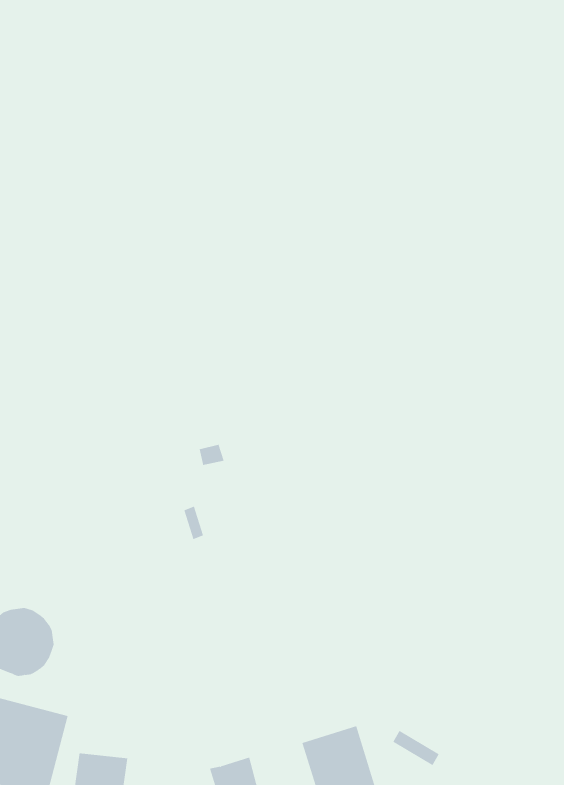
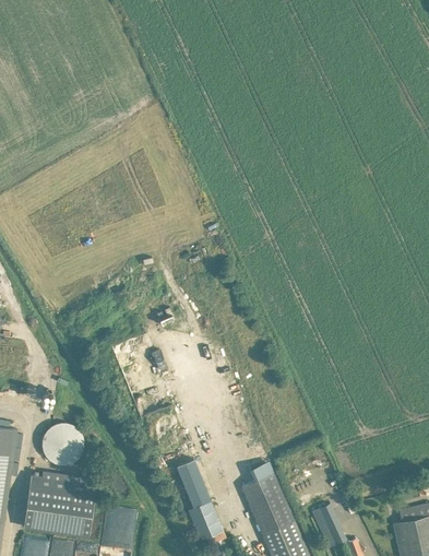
building: none -> [176,459,210,507]

